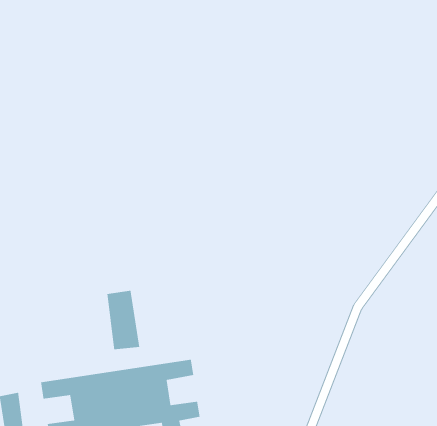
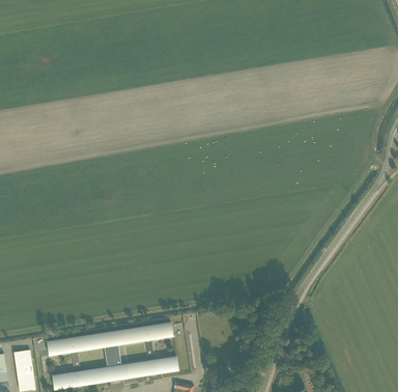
building: [107,290,140,350] -> none

